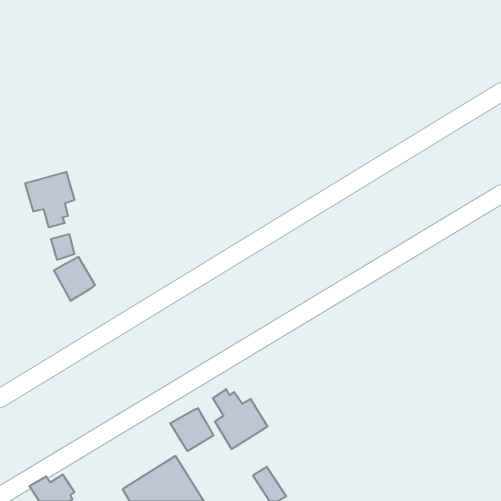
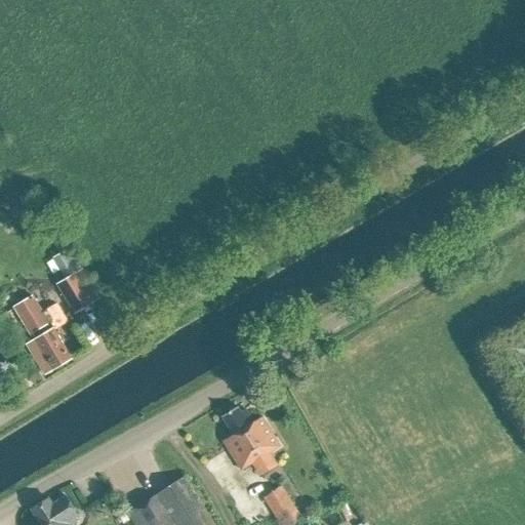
building: [25,172,74,227] -> none
building: none -> [14,296,71,374]
building: [170,408,214,451] -> none

